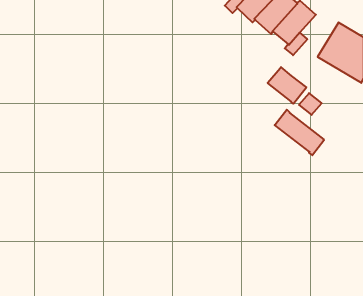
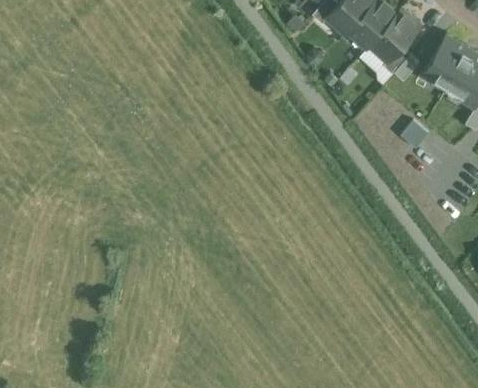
building: [268,67,306,104] -> none
building: [275,110,324,155] -> none

